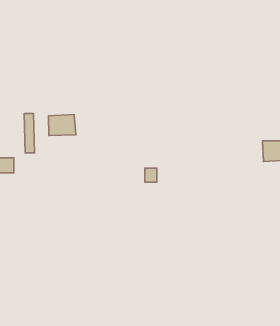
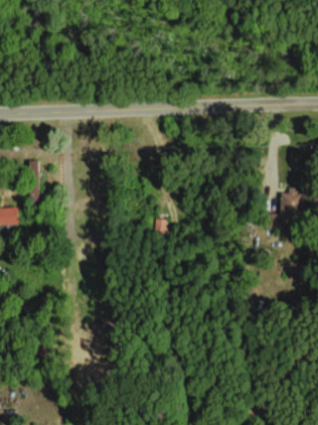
building: [49,114,76,136] -> none

